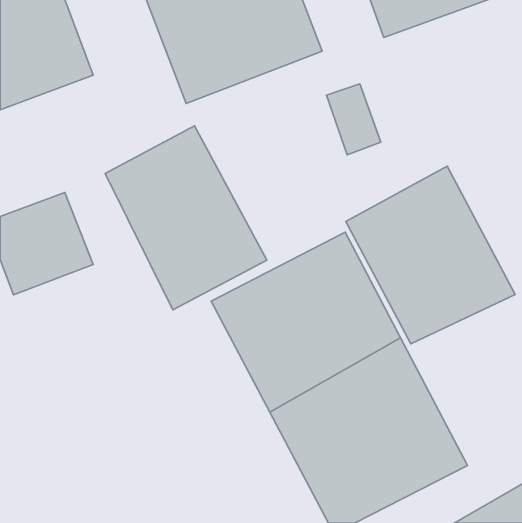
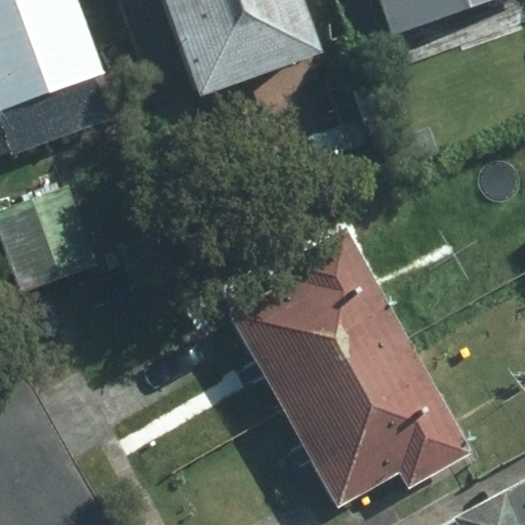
building: [105,126,267,310] -> none
building: [346,166,515,344] -> none

